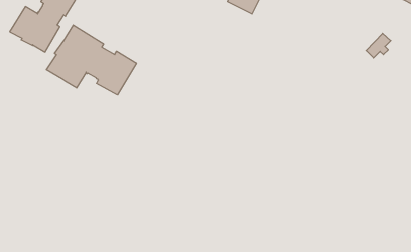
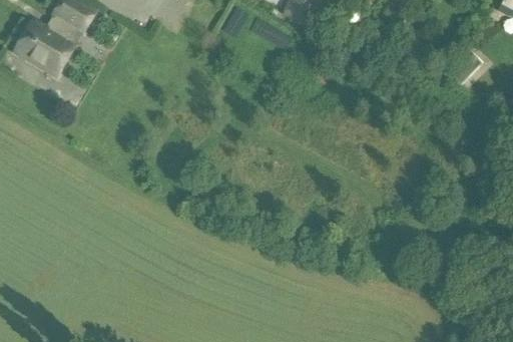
building: [46,25,136,95] -> none

